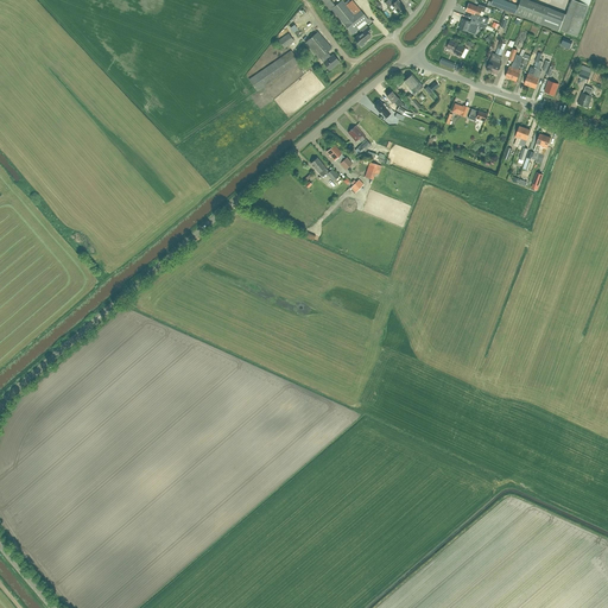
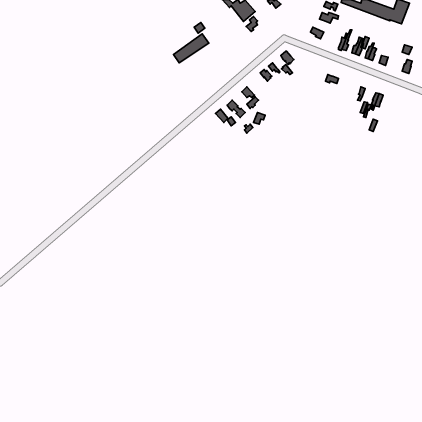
building: [305,31,338,69] -> none

